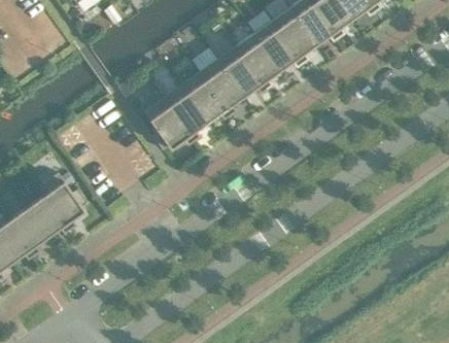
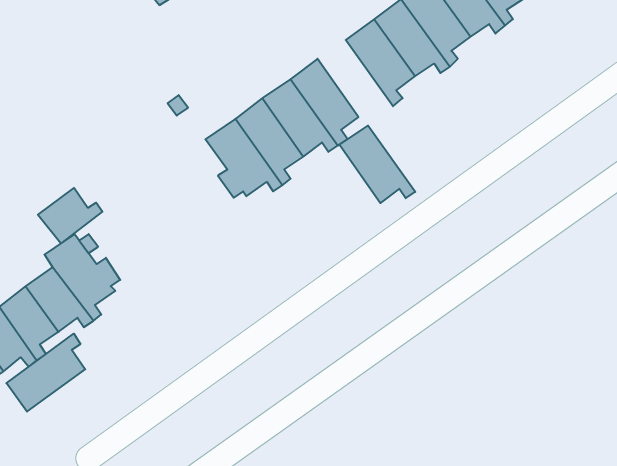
building: [215,45,265,96] -> [339,126,415,203]
building: none -> [38,188,102,243]
building: none -> [6,334,85,412]

